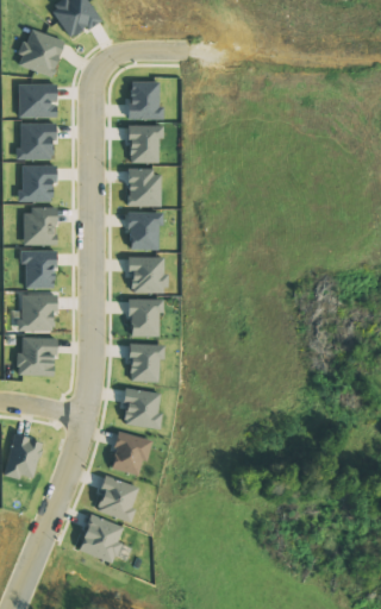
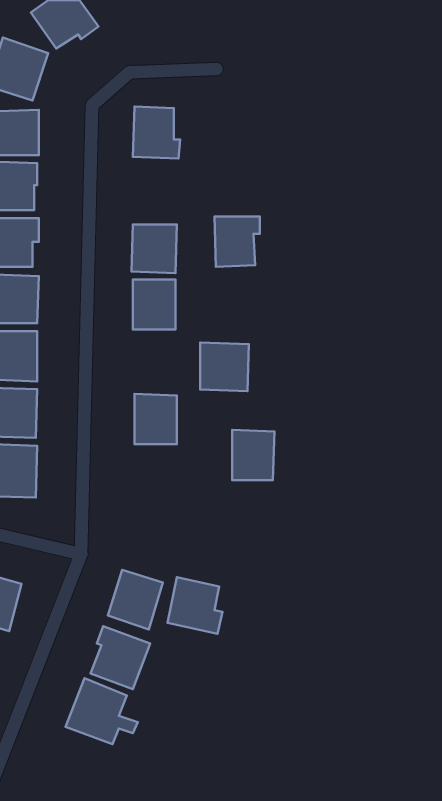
building: [127,125,162,163] -> [214,217,260,267]
building: [129,257,165,294] -> [200,343,249,391]
building: [129,344,161,382] -> [232,430,274,480]
building: [120,388,162,431] -> [167,577,222,634]

